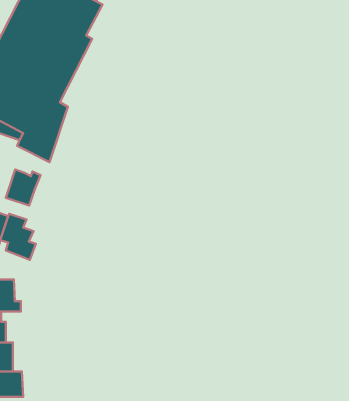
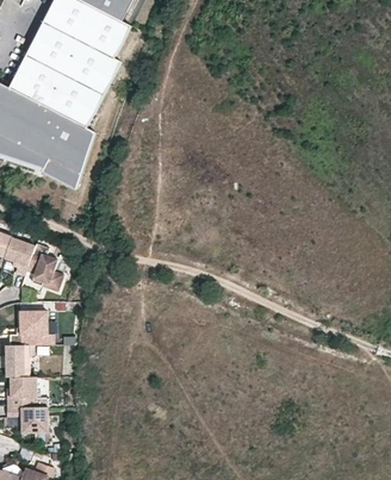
building: [6,170,40,206] -> none

